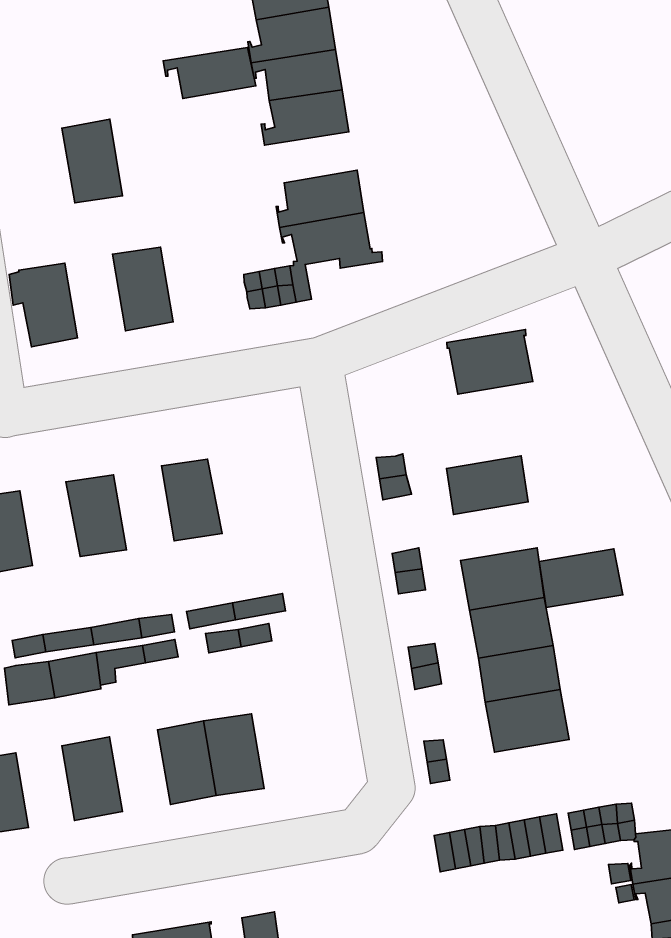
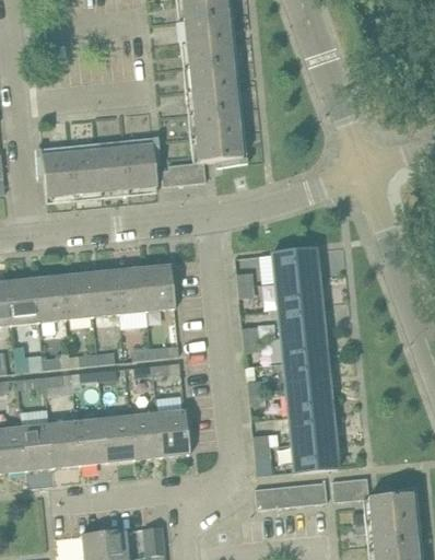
building: [163,48,256,98] -> [186,88,237,114]
building: [62,119,123,203] -> [69,148,101,194]
building: none -> [124,142,162,188]
building: [447,330,533,394] -> [272,247,319,281]
building: none -> [142,262,176,310]
building: none -> [89,269,120,315]
building: none -> [35,275,67,320]
building: [539,549,623,608] -> [279,303,325,334]
building: none -> [157,408,191,455]
building: none -> [77,418,108,463]
building: none -> [293,439,340,471]
building: none -> [23,423,54,468]

